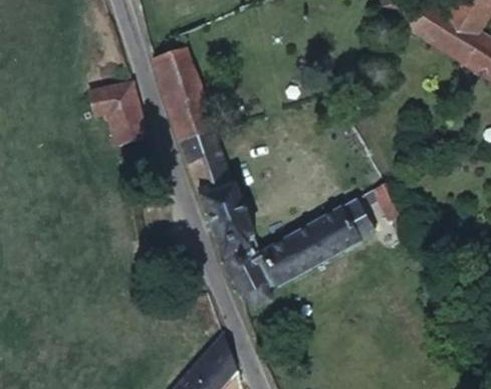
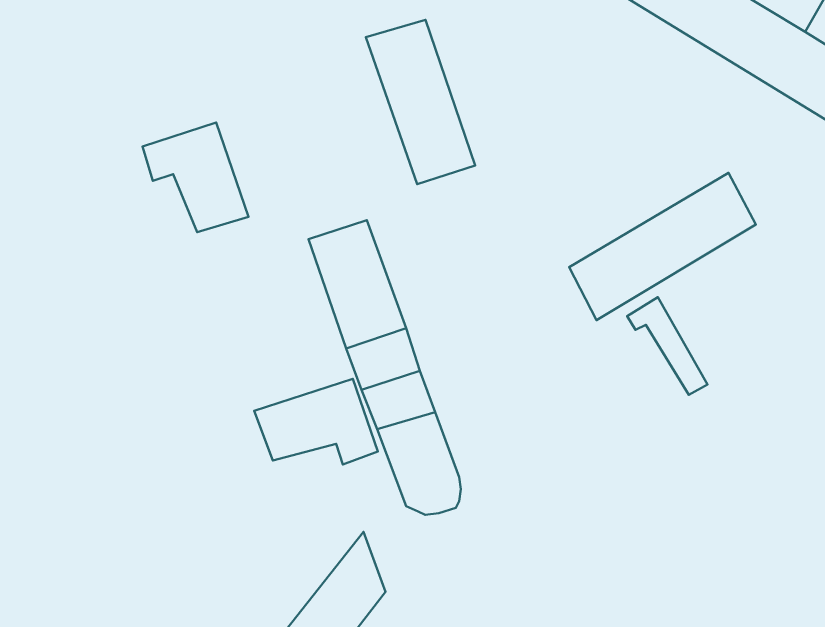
building: [153,51,217,148] -> [366,20,475,184]
building: [268,201,378,287] -> [569,173,756,320]
building: none -> [254,379,378,464]

